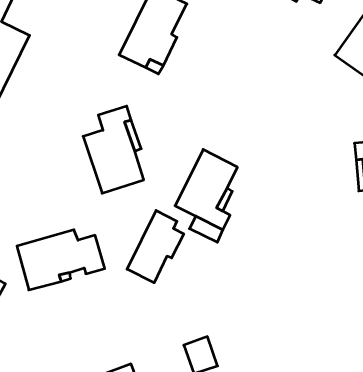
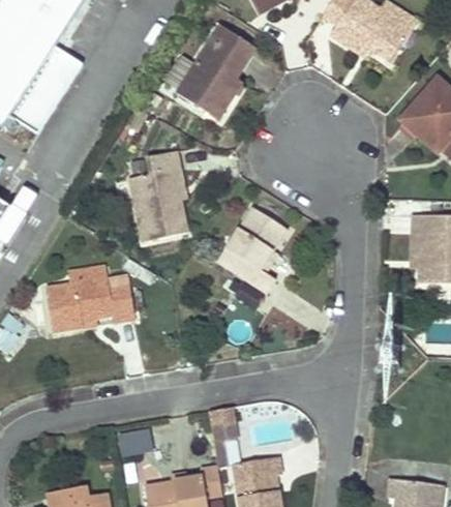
building: [127,210,184,283] -> none

